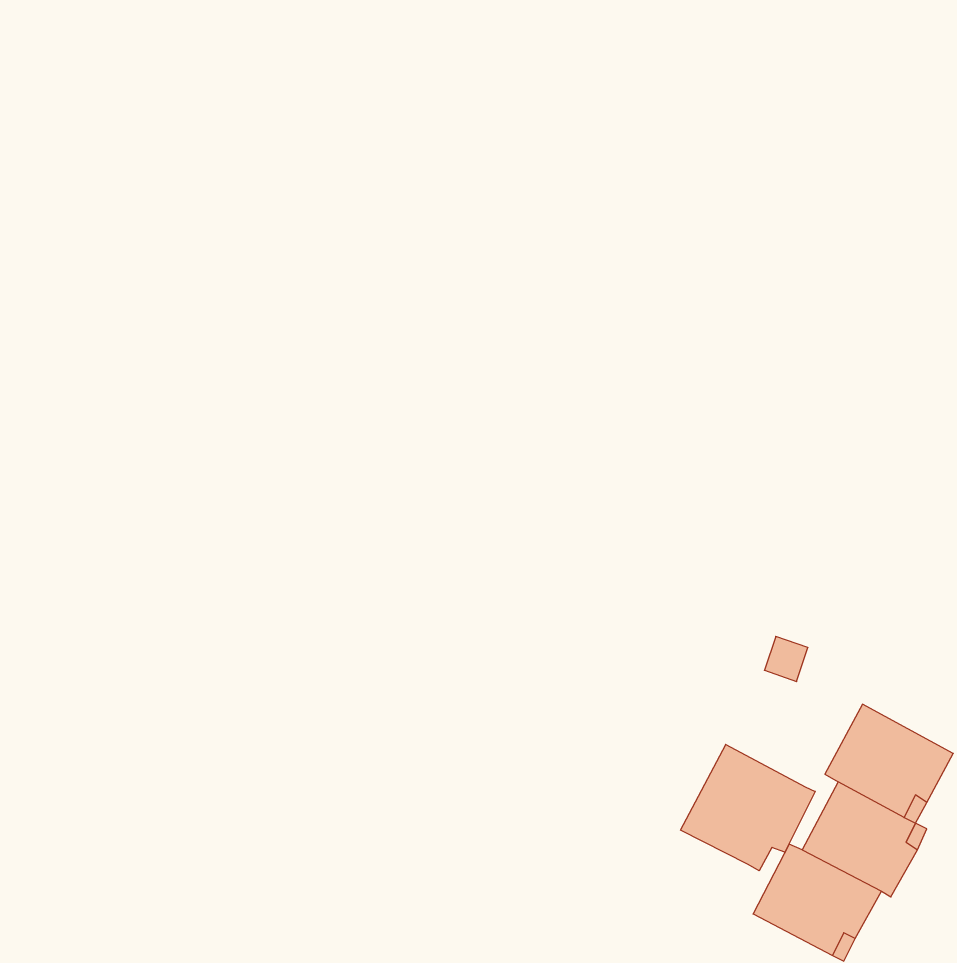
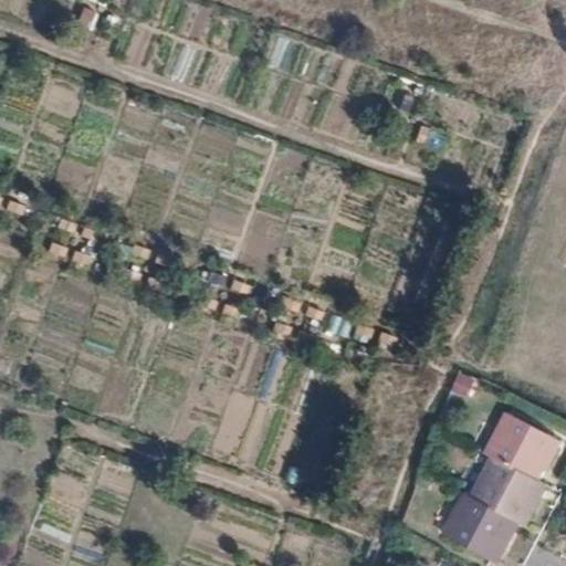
building: [681,744,815,871] -> none

